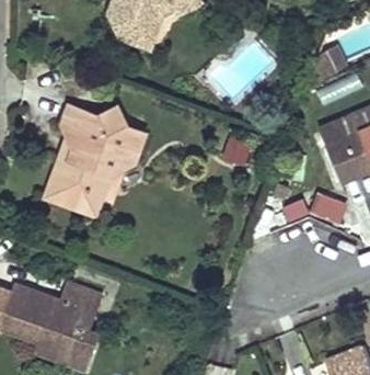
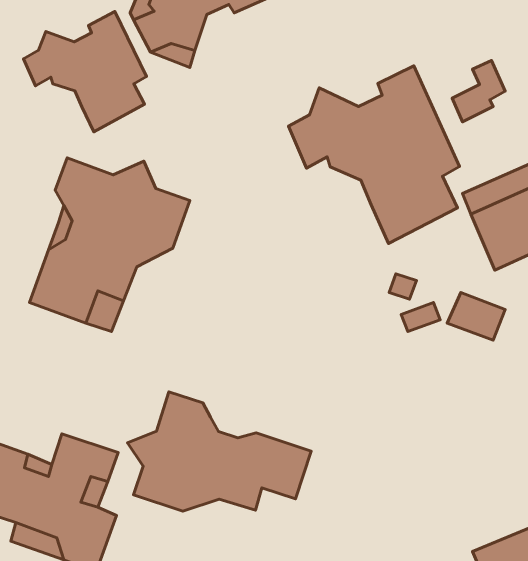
building: none -> [23,12,147,132]
building: none -> [289,66,460,244]
building: none -> [127,392,311,511]

